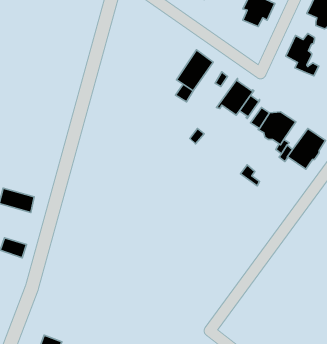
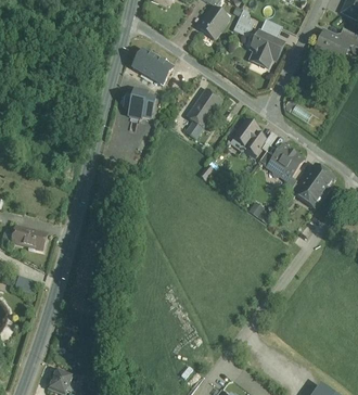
building: none -> [132,50,171,84]
building: [286,34,319,76] -> none
building: none -> [123,88,154,118]

